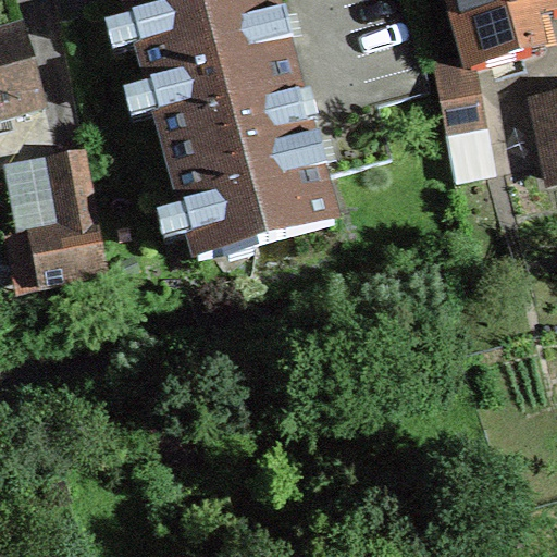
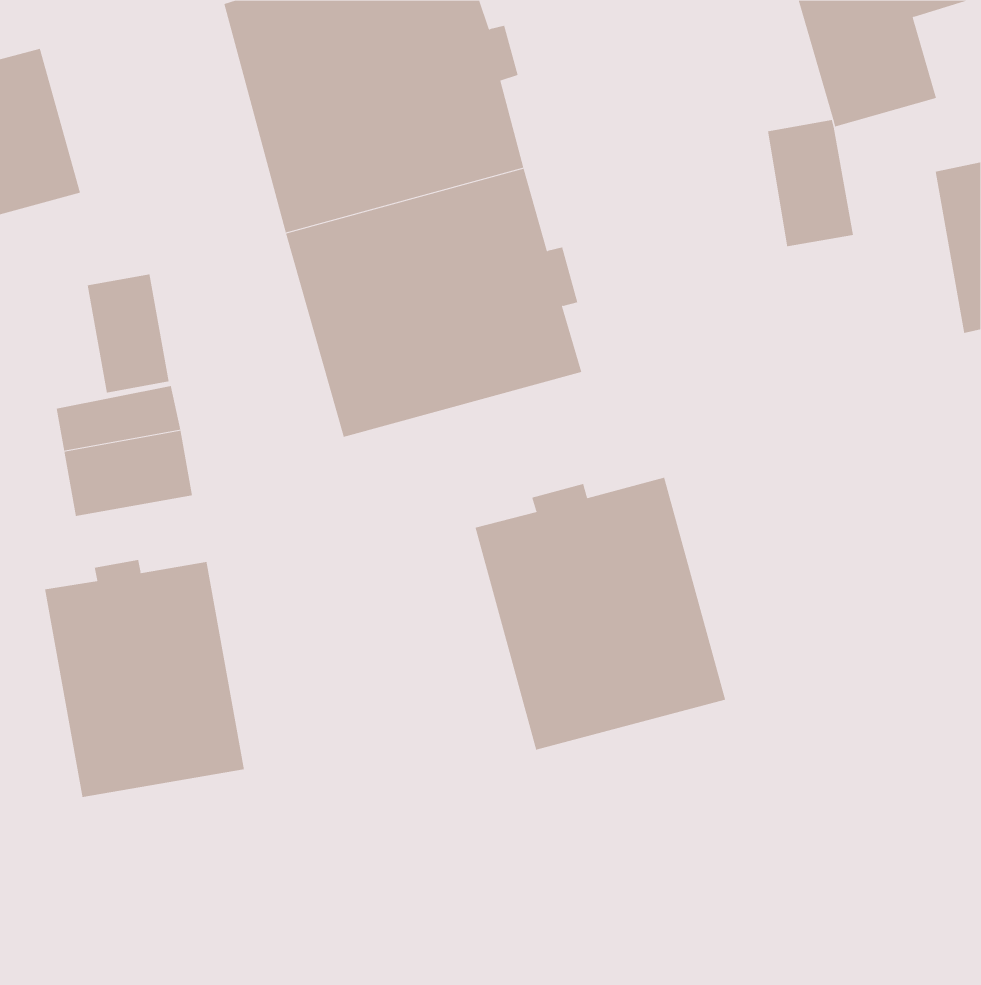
building: none -> [475,477,726,750]
building: none -> [44,559,245,798]

